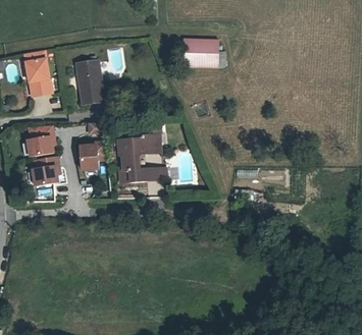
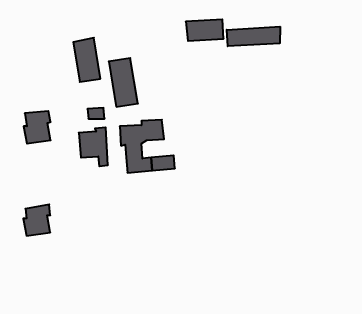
building: none -> [227,27,280,46]
building: [25,57,53,103] -> [109,58,138,107]
building: [34,161,59,190] -> [23,204,50,236]

